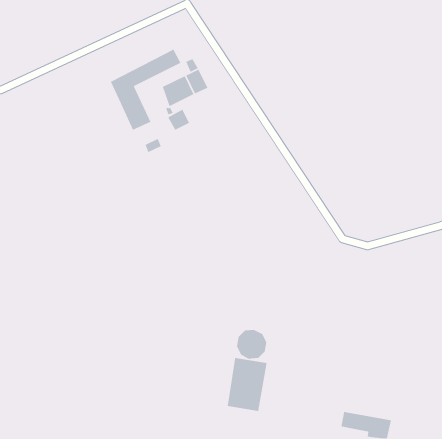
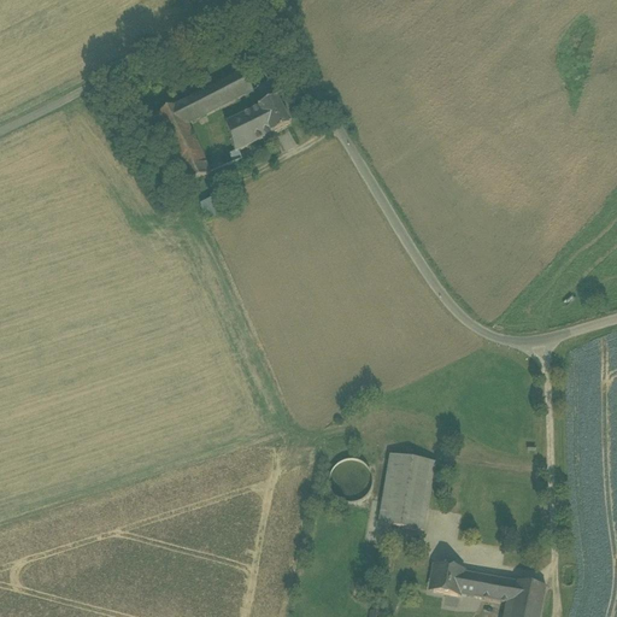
building: [167,109,190,131] -> none
building: [227,357,267,412] -> [378,453,435,529]
building: none -> [431,563,478,595]

